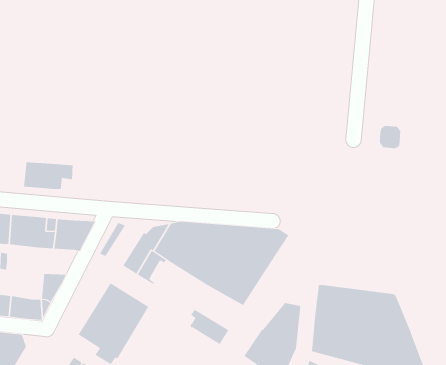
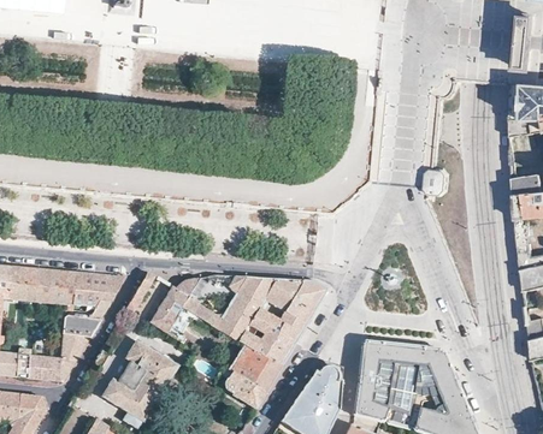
building: [24,162,73,190] -> none
building: none -> [64,305,104,332]
building: none -> [228,344,281,392]

